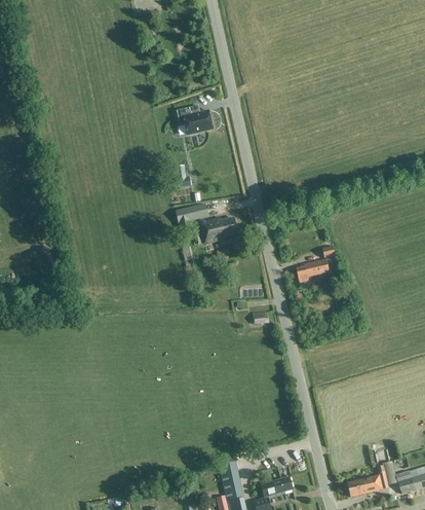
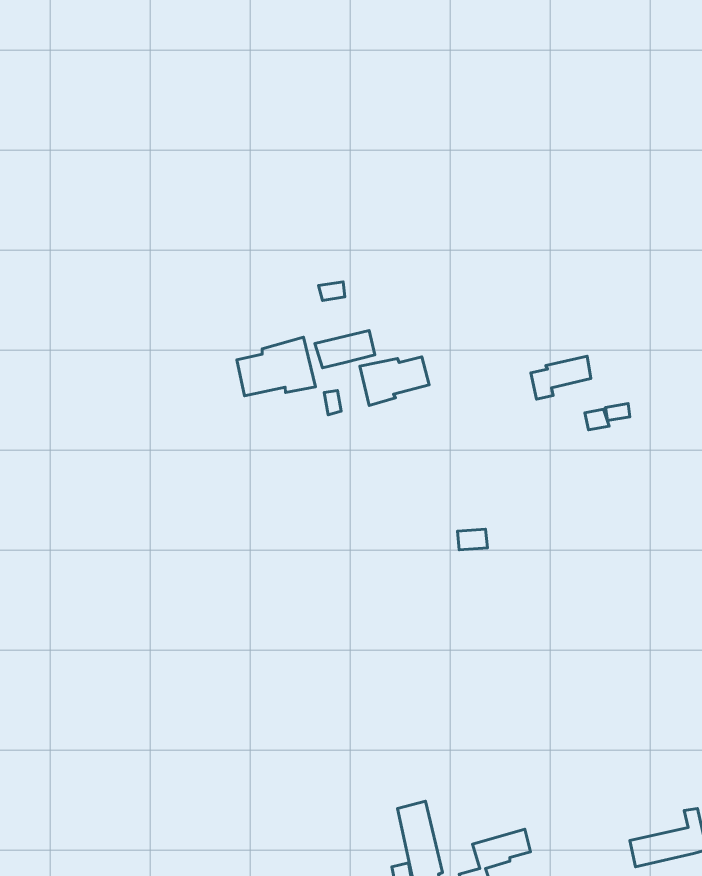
building: [177,105,212,135] -> none
building: none -> [237,337,316,396]
building: [296,259,329,283] -> [531,356,591,399]

